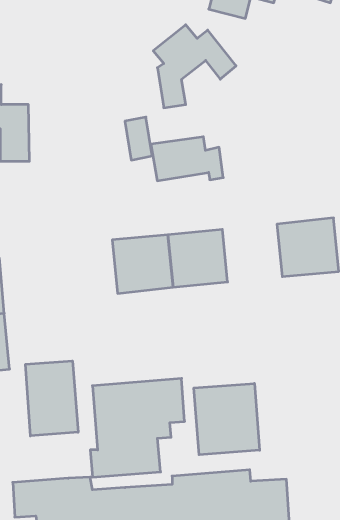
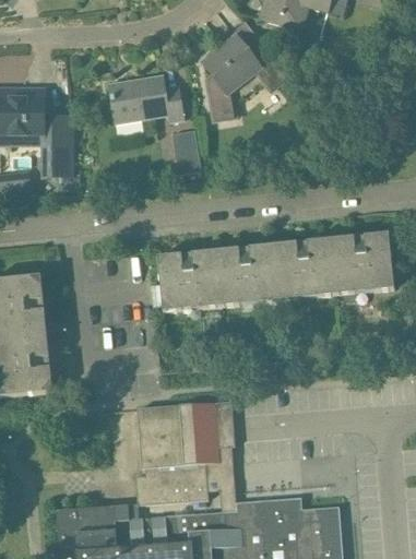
building: [151,137,223,181] -> [109,75,185,121]
building: none -> [274,241,336,301]
building: [26,361,78,436] -> none
building: [194,383,260,455] -> none

